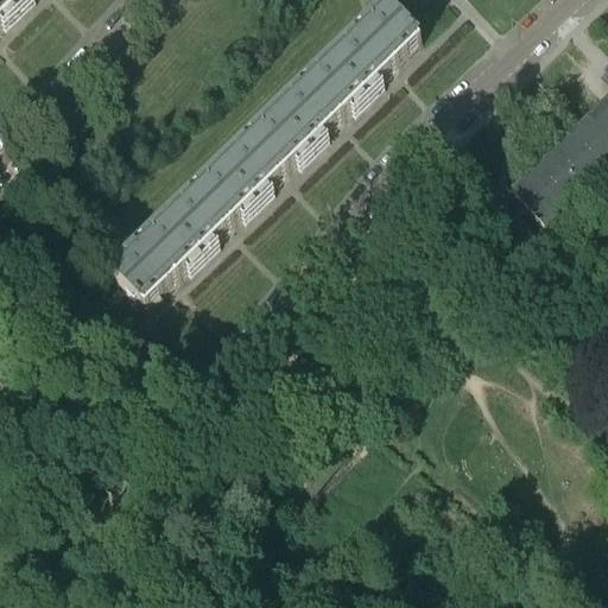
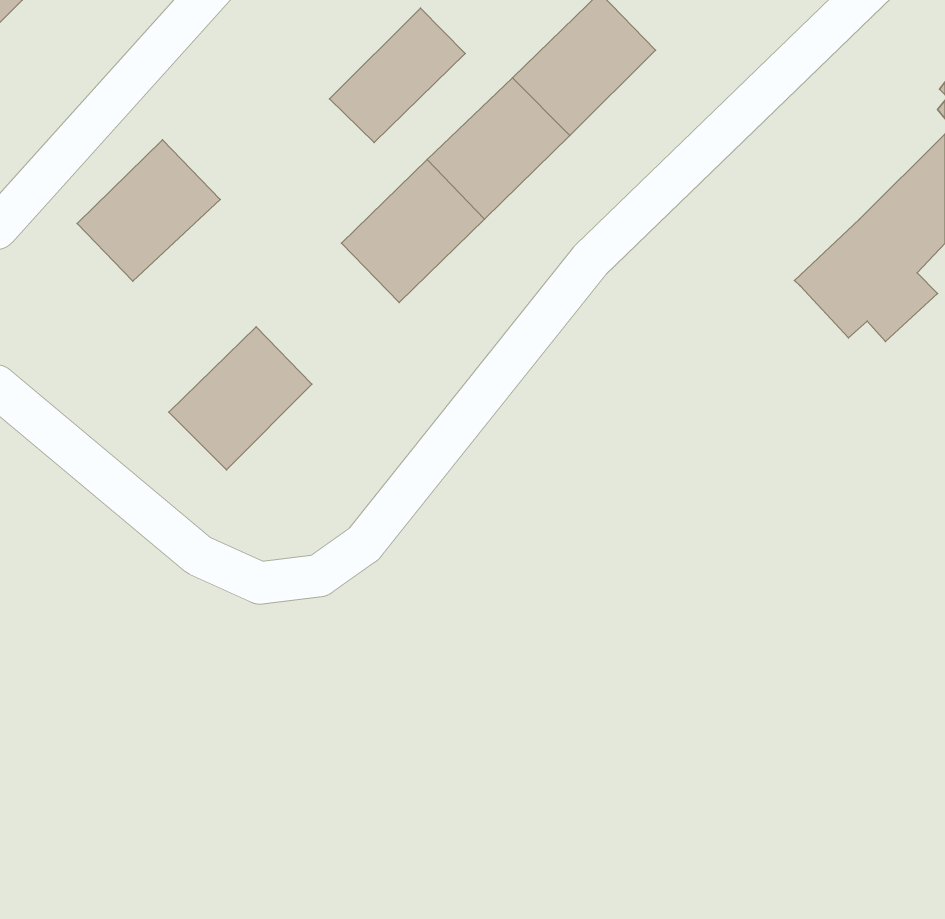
building: none -> [329,8,465,142]
building: [164,156,255,246] -> [77,140,220,281]

